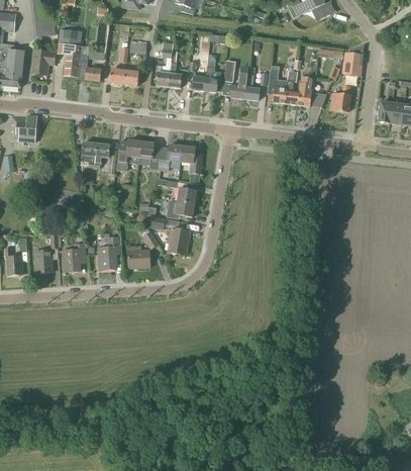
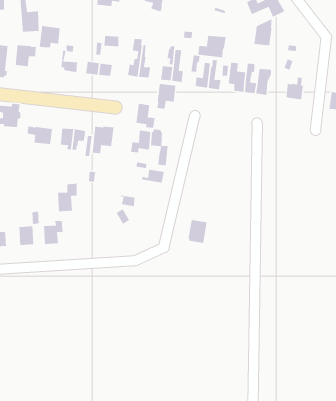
building: none -> [197,35,226,58]
building: [342,43,364,75] -> [253,18,273,46]
building: [64,49,84,77] -> none
building: none -> [156,83,176,110]
building: none -> [27,126,53,145]
building: [138,140,161,169] -> [136,103,156,129]
building: [167,199,194,217] -> none
building: [168,227,190,255] -> [187,219,208,244]
building: [98,237,120,269] -> [57,183,77,212]
building: [127,249,149,268] -> none

